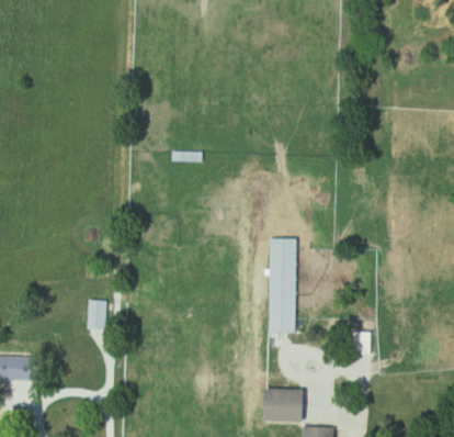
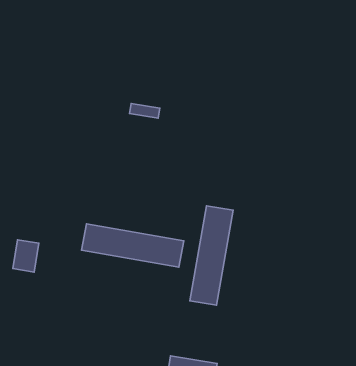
building: none -> [81,224,184,267]

